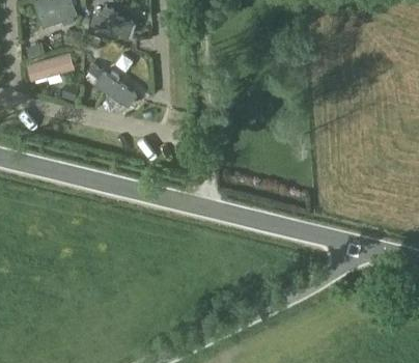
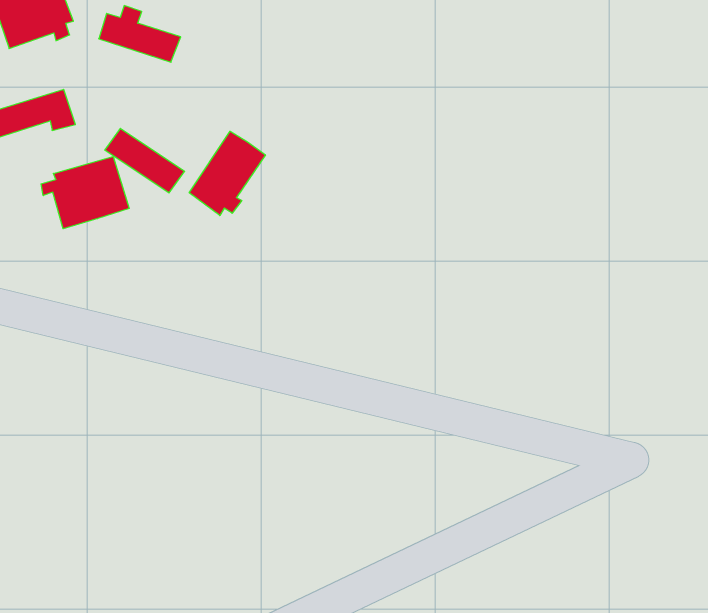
building: none -> [189,131,265,216]
building: none -> [41,157,129,229]

